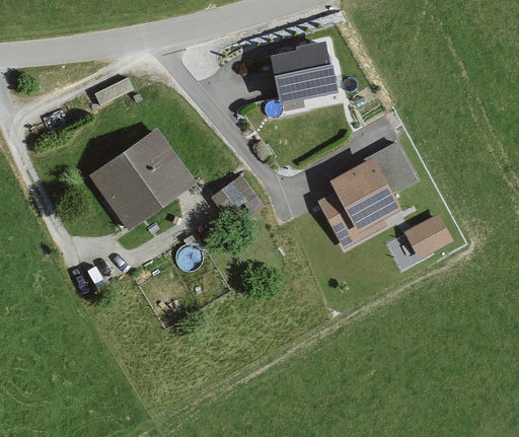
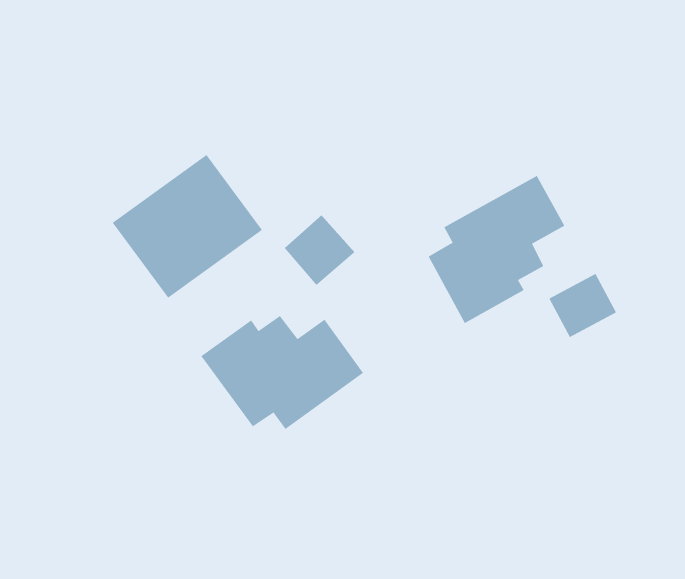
building: [271,38,339,103] -> none
building: none -> [201,315,364,430]

